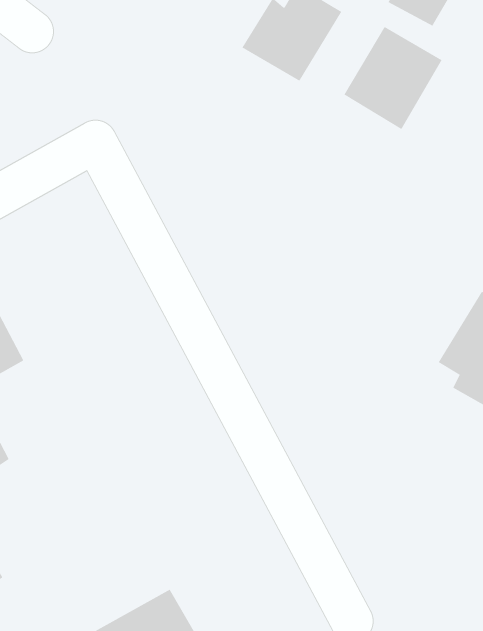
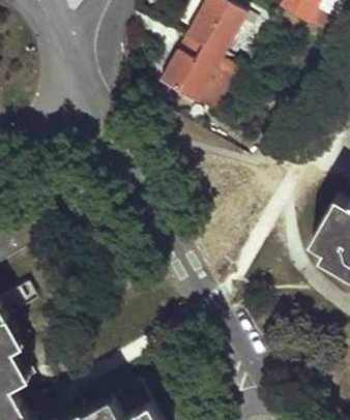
building: [344,26,443,130] -> [156,43,220,110]

